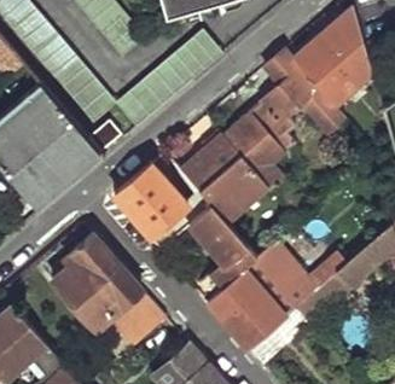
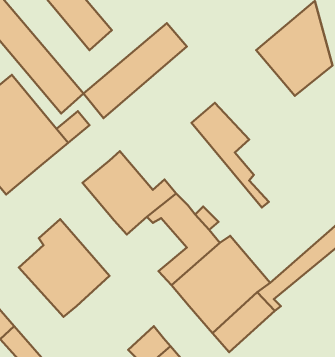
building: [250,50,342,150] -> none
building: [180,133,268,217] -> none
building: [108,290,164,345] -> none

